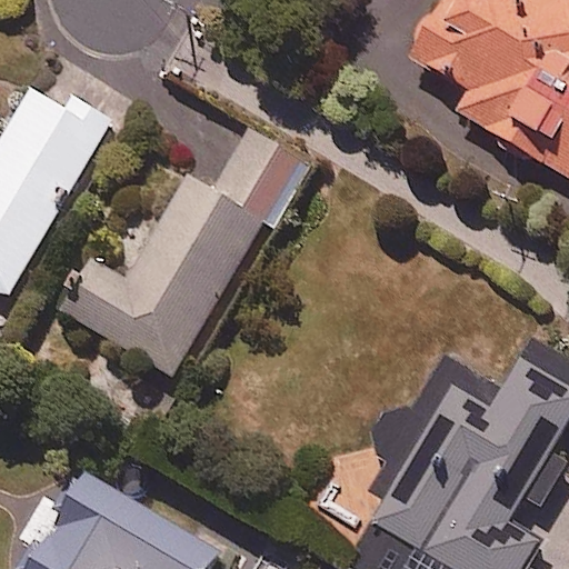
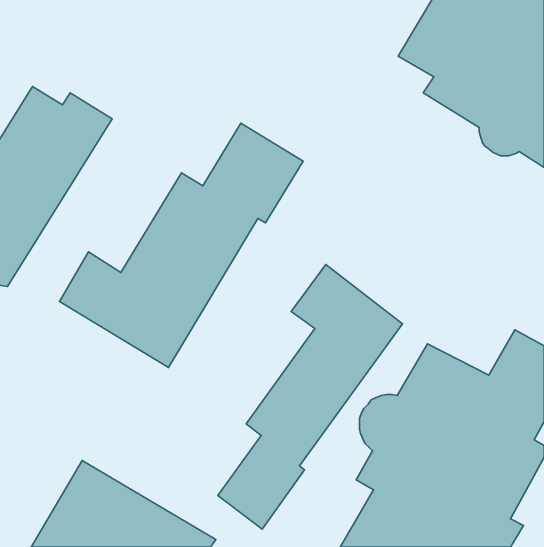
building: none -> [218,265,403,529]

